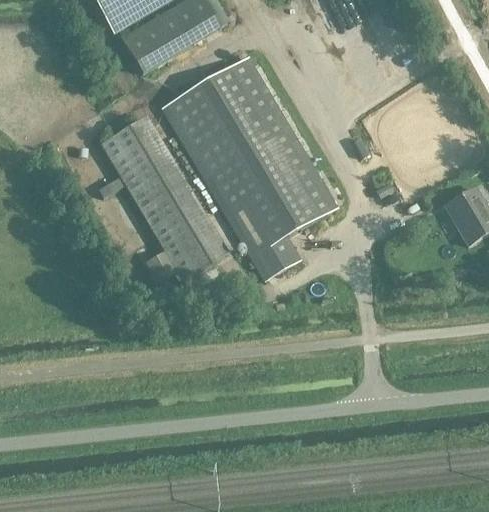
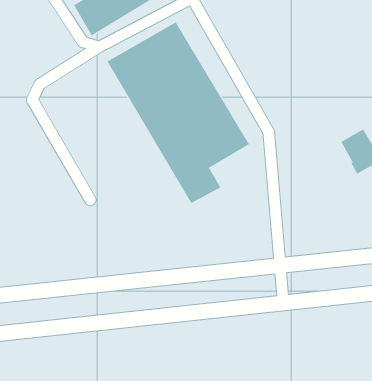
building: [101,114,231,282] -> none

